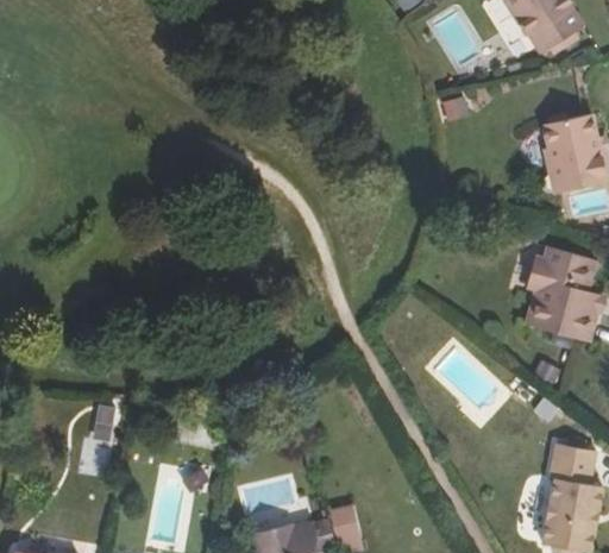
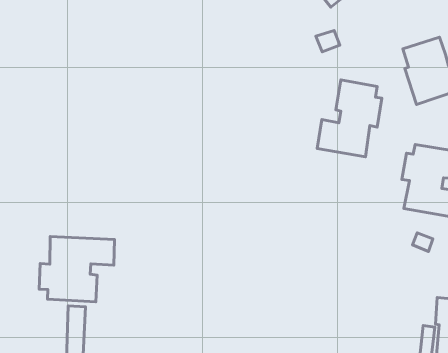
building: none -> [317,80,382,157]
building: none -> [39,236,115,302]

